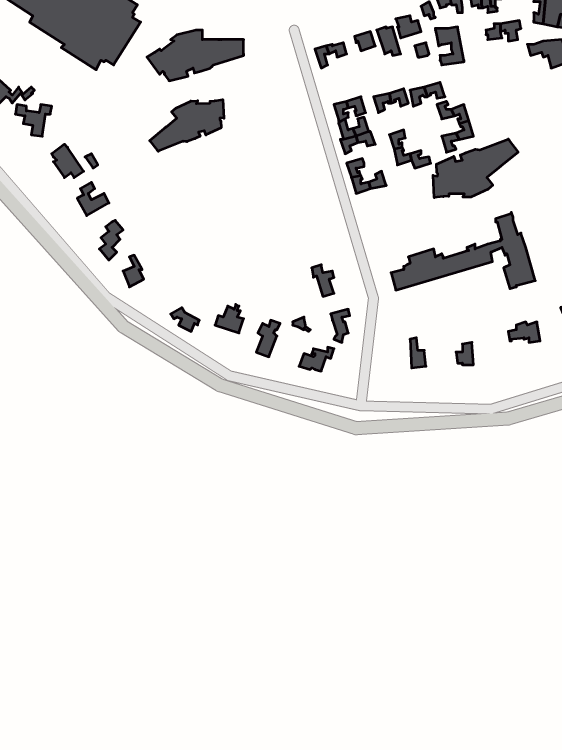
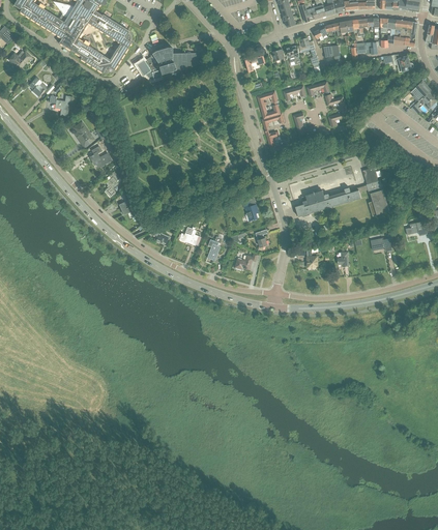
building: [150,100,224,151] -> none
building: [433,139,518,198] -> none

